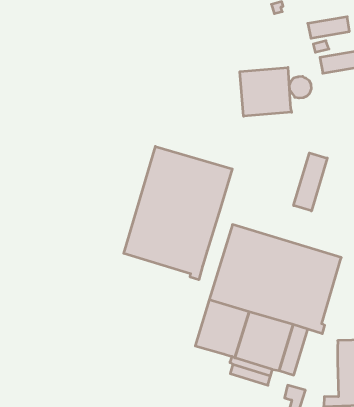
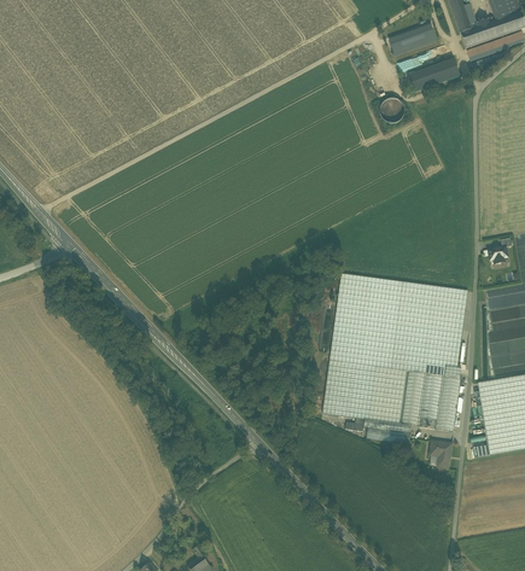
building: [240,67,292,116] -> none
building: [124,146,232,280] -> none
building: [294,153,327,211] -> none
building: none -> [437,374,461,430]

